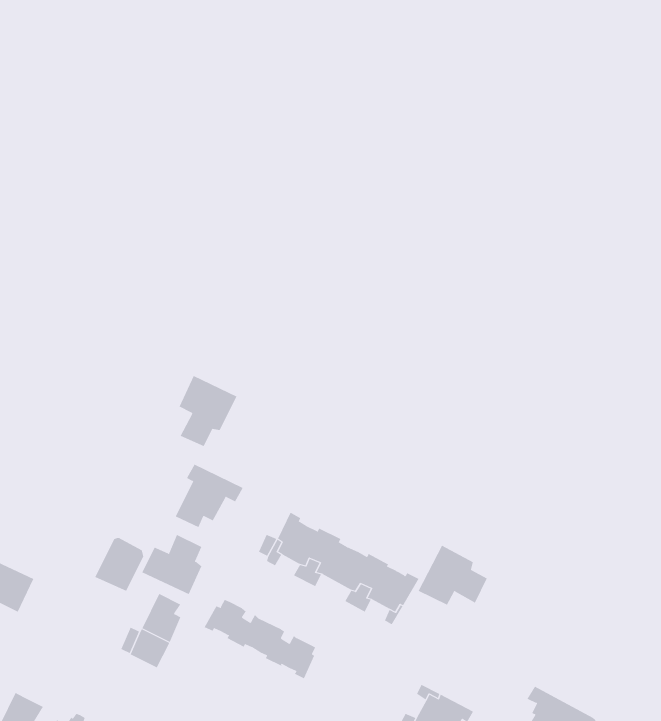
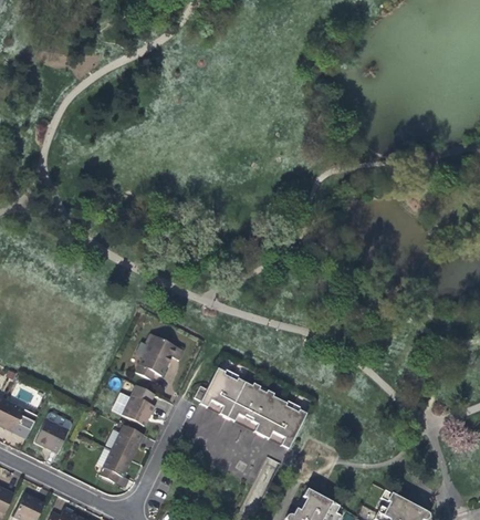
building: [179,375,237,447] -> none
building: [94,537,144,592] -> [35,415,70,453]
building: [418,545,487,605] -> none
building: [204,599,316,679] -> none

